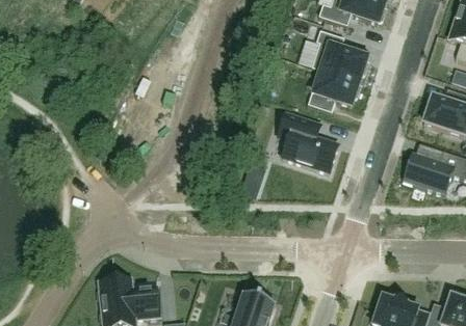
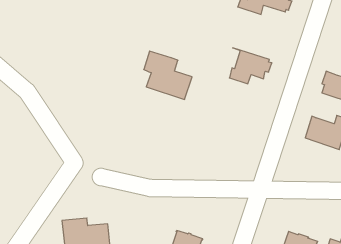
building: [312,30,368,81] -> none
building: [278,112,338,172] -> [144,51,192,99]

